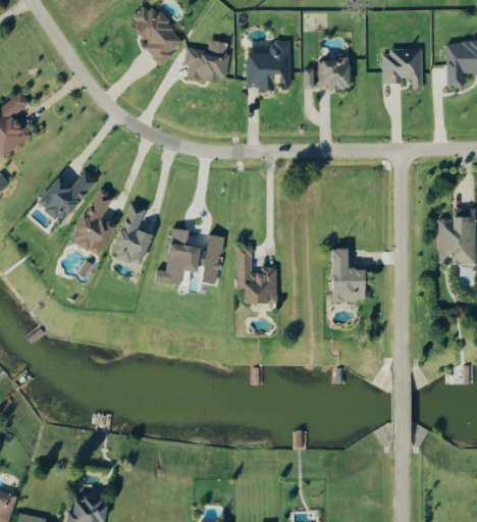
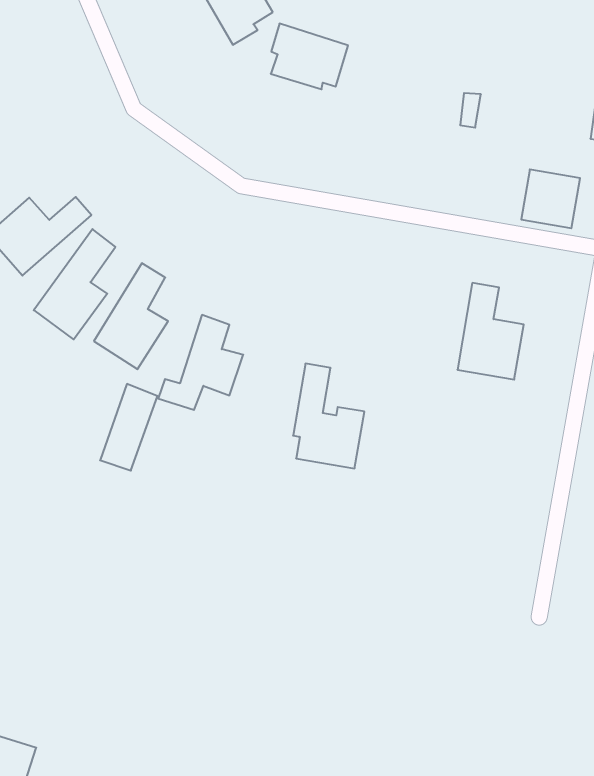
building: [248,44,291,89] -> none
building: [319,58,350,89] -> [521,169,580,228]
building: [199,233,226,284] -> [100,384,158,471]
building: [329,249,364,302] -> [457,283,524,380]

